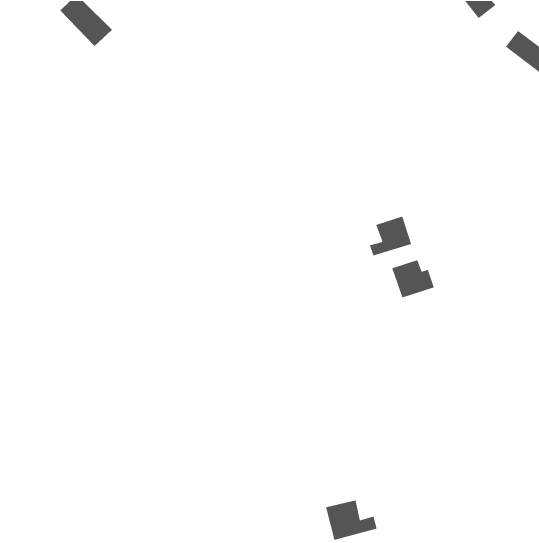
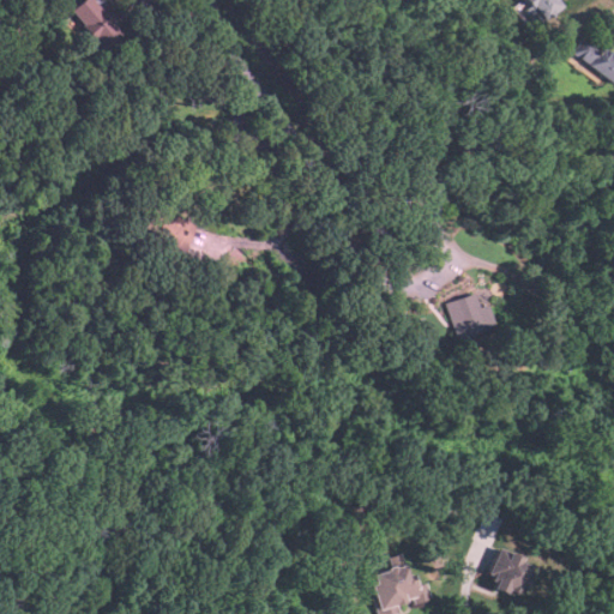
building: [369,215,412,256] -> none
building: none -> [488,549,534,595]

